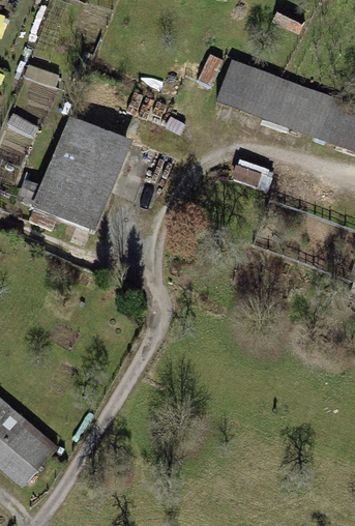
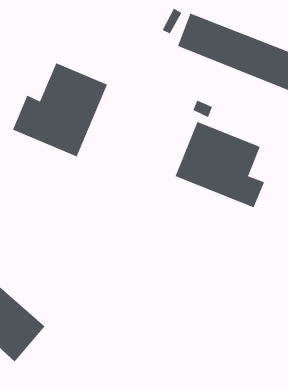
building: none -> [175,121,265,208]

